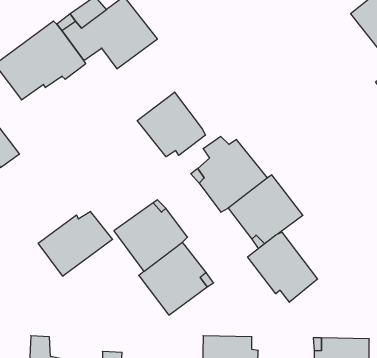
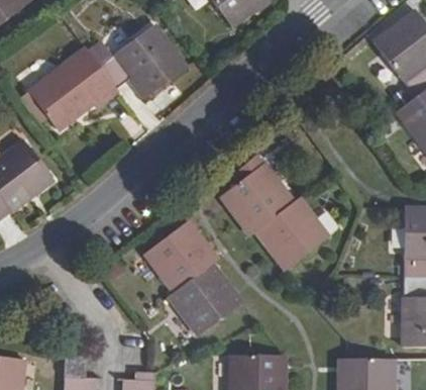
building: [137,92,206,157] -> none
building: [38,211,113,276] -> none
building: [248,232,318,302] -> none

